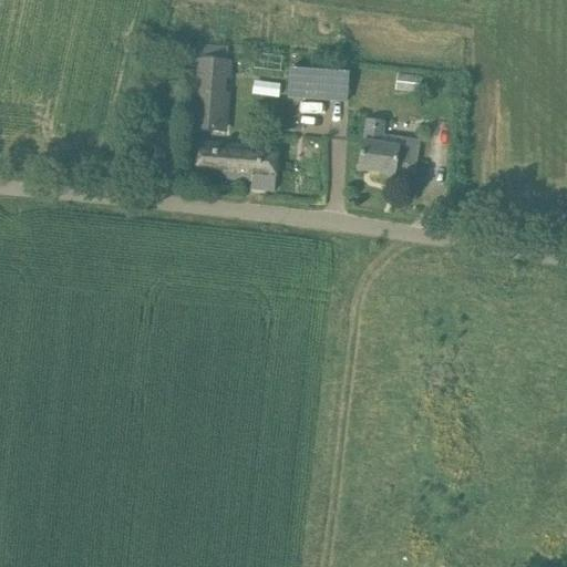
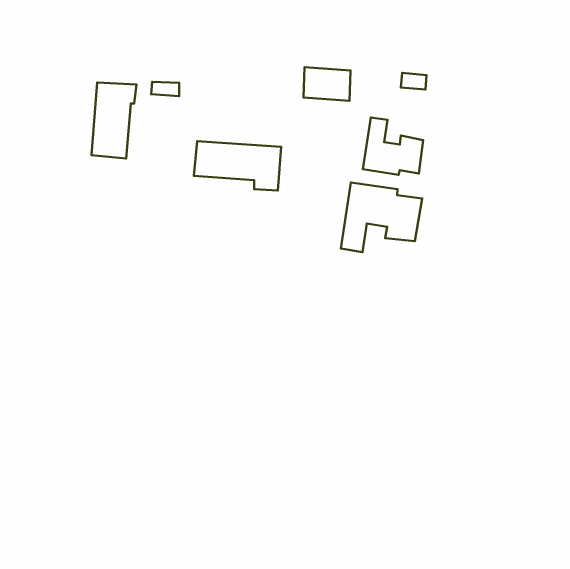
building: [190,55,235,131] -> [92,82,136,159]
building: none -> [341,182,422,252]

